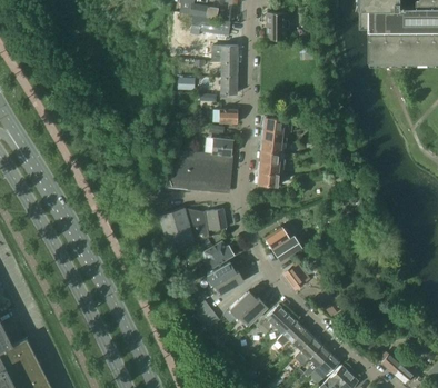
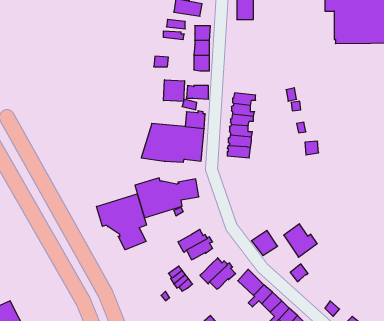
building: none -> [164,80,185,101]
building: none -> [97,194,147,250]
building: [265,227,300,262] -> [284,224,317,257]
building: [202,241,233,268] -> none

